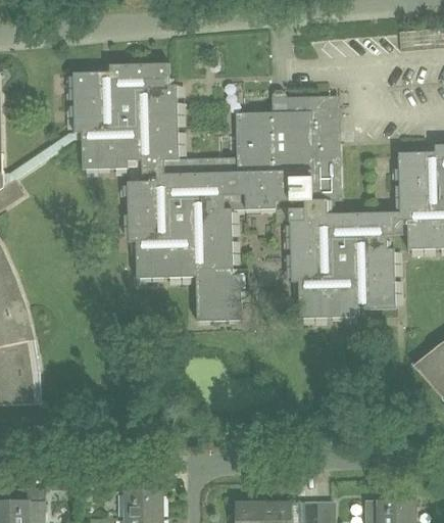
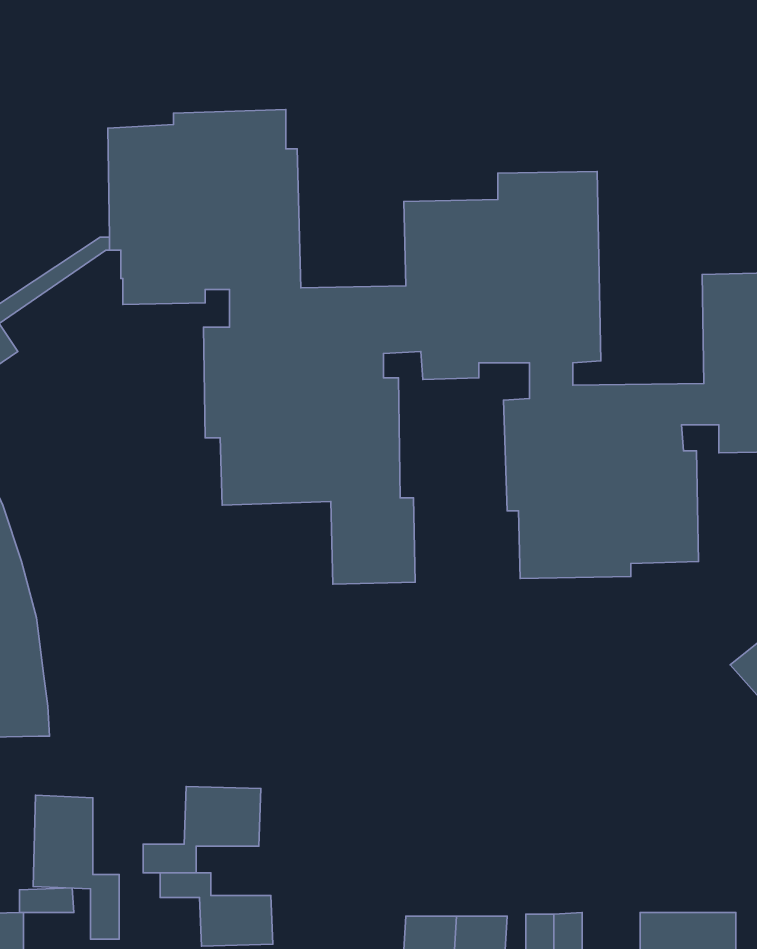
building: none -> [143,786,261,873]
building: none -> [33,795,119,939]

